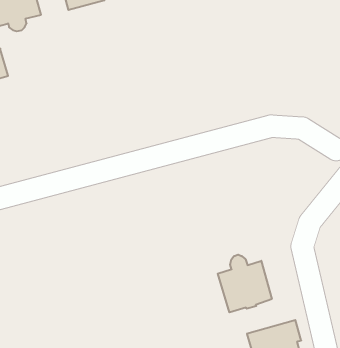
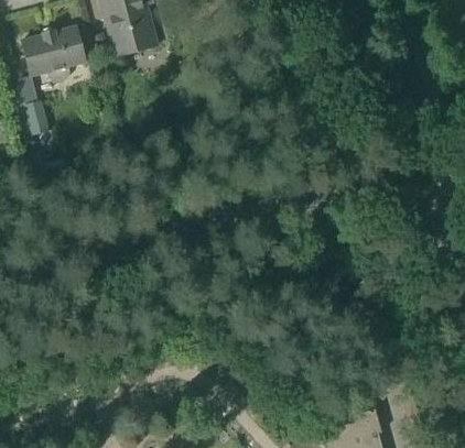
building: [218,255,272,312] -> none

